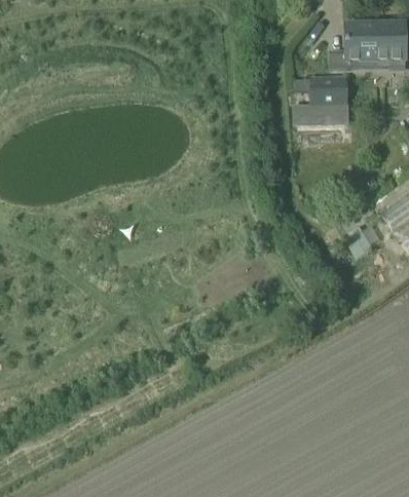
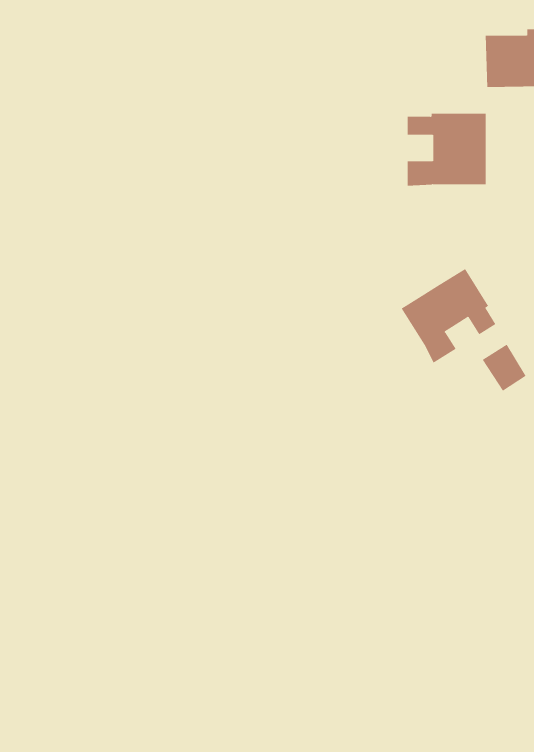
building: none -> [401,268,496,364]

